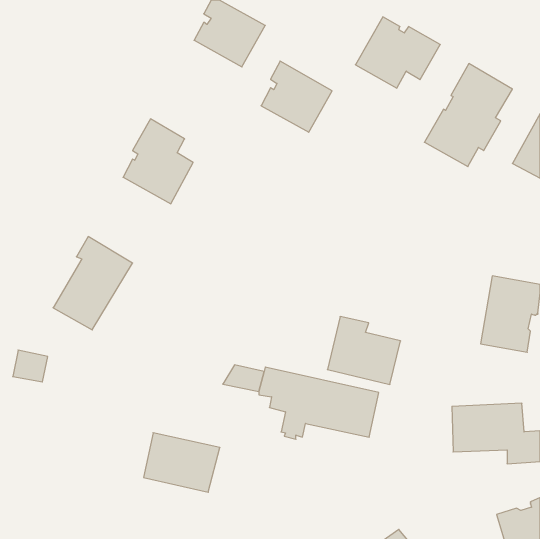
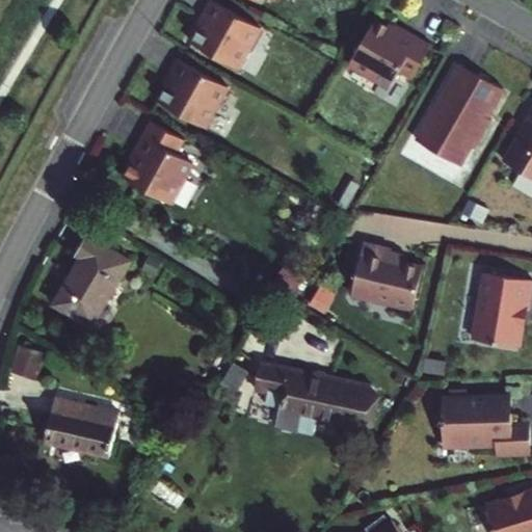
building: [261,61,332,132] -> [157,58,227,128]
building: [327,317,401,384] -> [350,242,422,309]
building: [144,433,220,492] -> [45,399,119,457]

